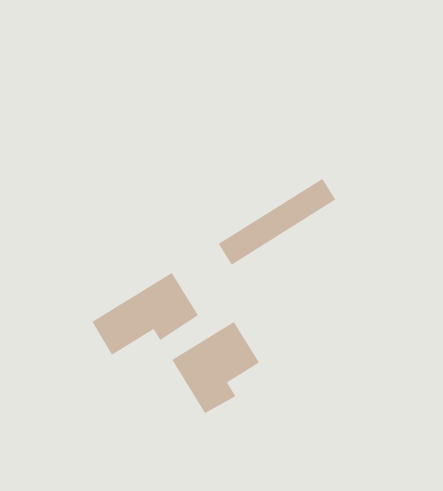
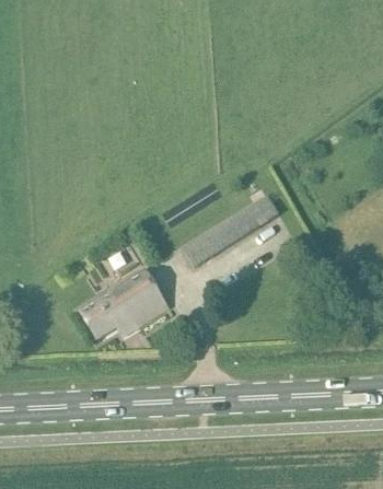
building: [171,321,260,414] -> none

